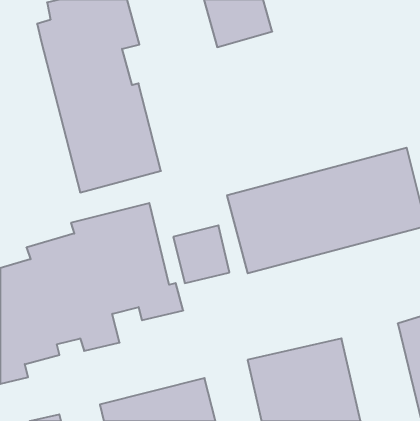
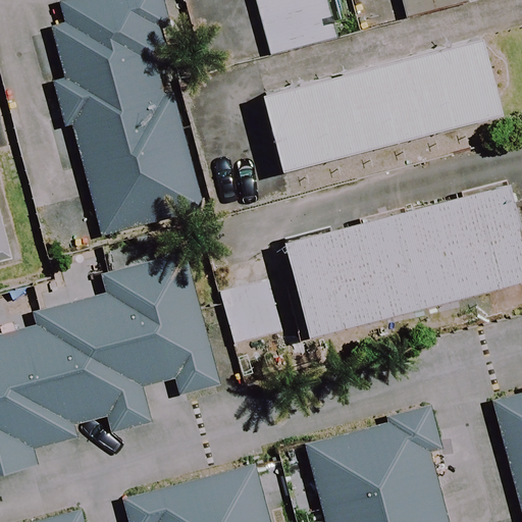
building: none -> [263,40,500,172]

